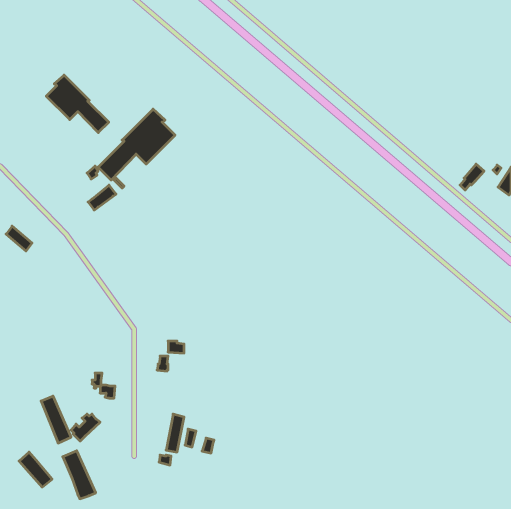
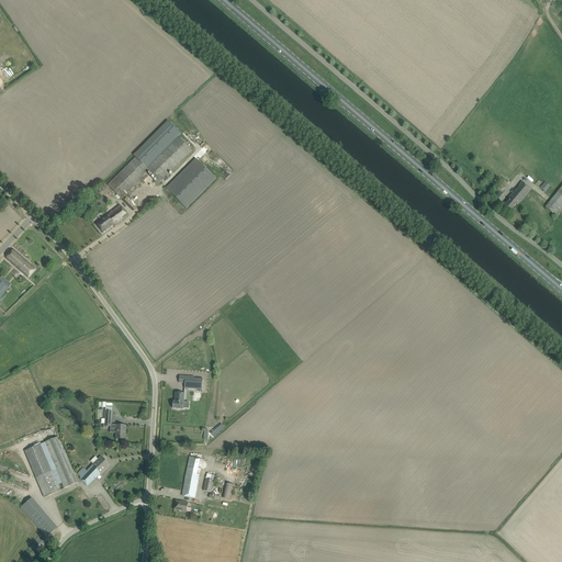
building: [46,75,109,133] -> none
building: none -> [166,157,215,206]
building: [63,451,96,499] -> [25,442,61,495]

